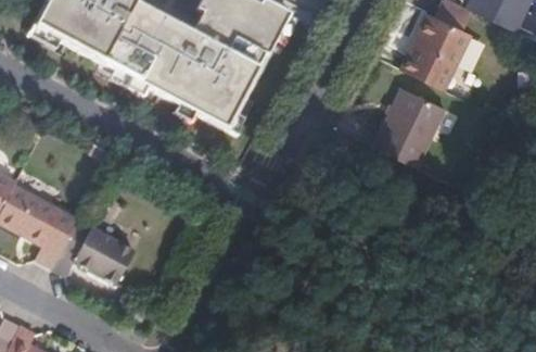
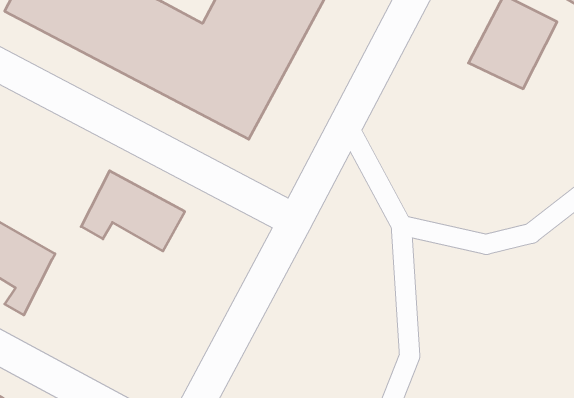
building: [377,86,448,167] -> none
building: [50,223,132,287] -> [81,171,185,251]

